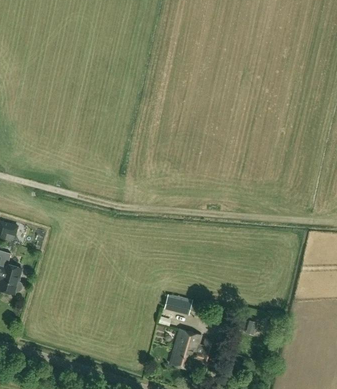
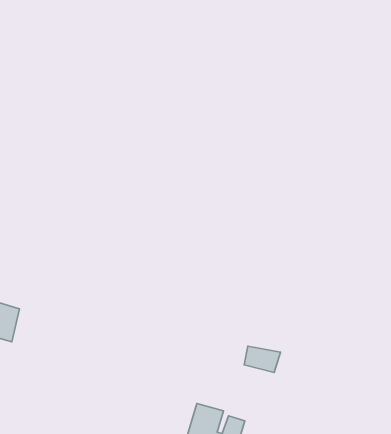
building: [163,295,192,316] -> [244,346,280,372]

